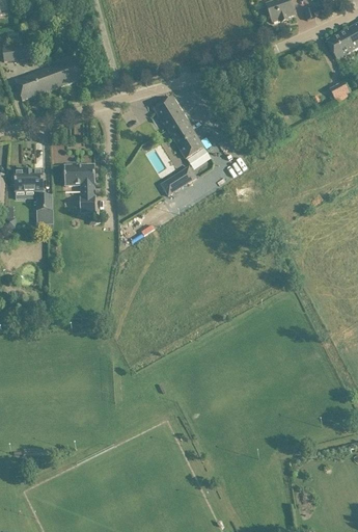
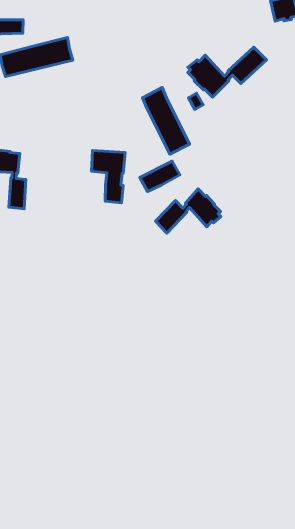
building: none -> [188,47,266,97]
building: [64,164,97,212] -> [92,150,125,203]
building: none -> [156,189,221,233]

